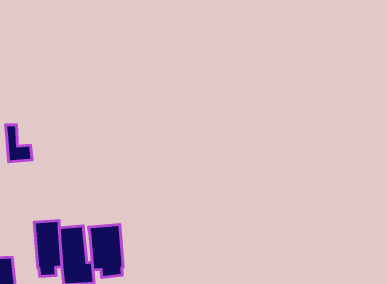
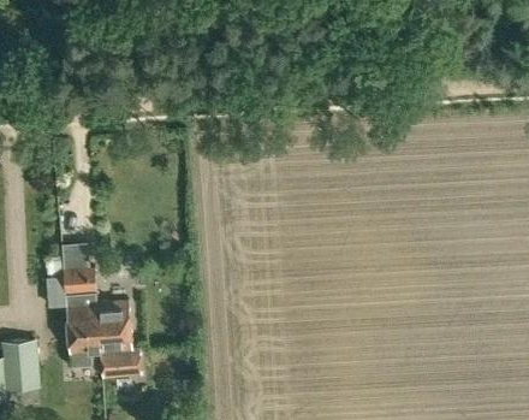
building: [6,125,32,162] -> [61,244,96,292]
building: [88,224,123,277] -> none

